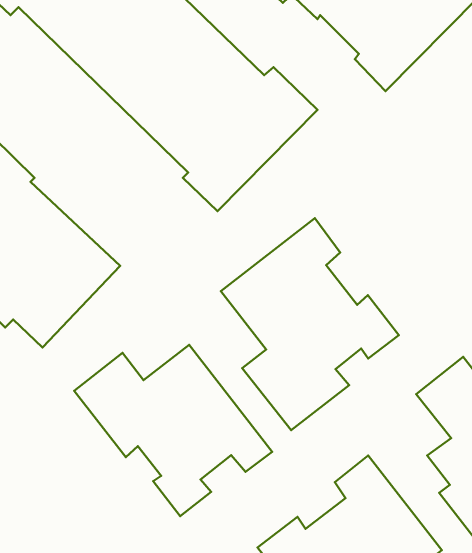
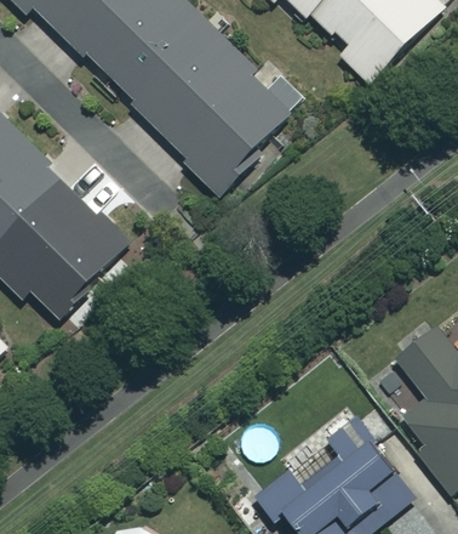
building: [221,218,399,430] -> none
building: [74,345,272,516] -> none

